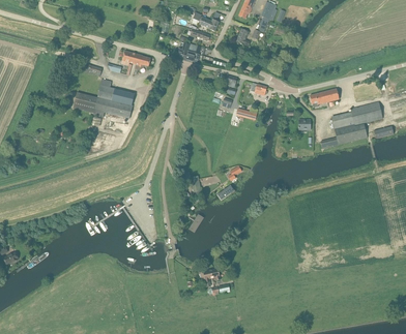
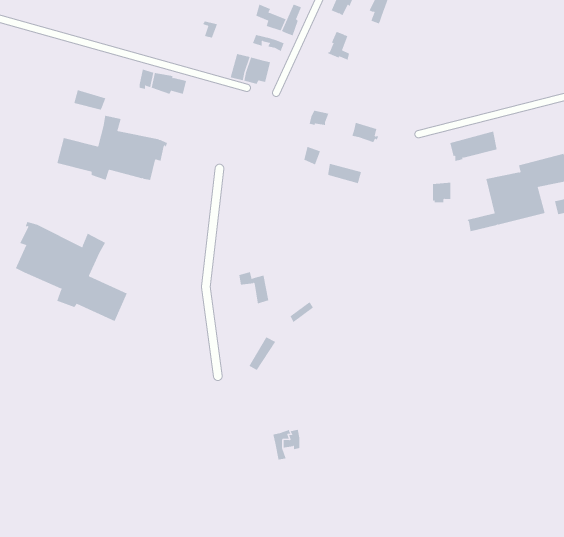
building: none -> [15,221,128,322]

